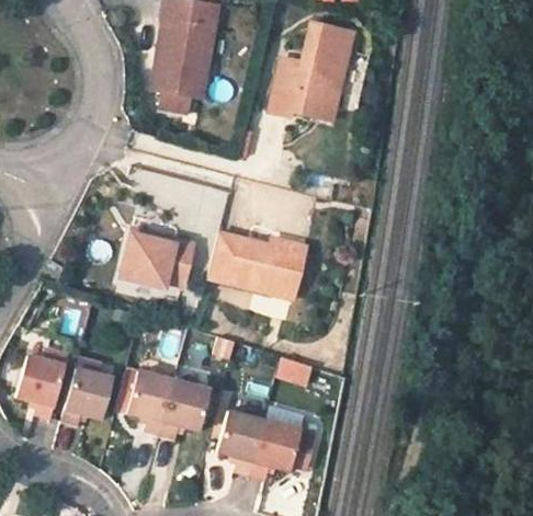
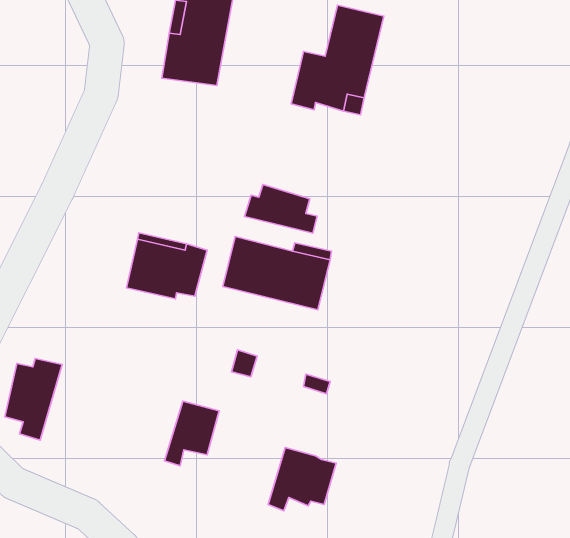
building: none -> [245,185,317,233]
building: [58,353,111,422] -> none
building: [122,369,172,435] -> none
building: [211,409,264,474] -> none

